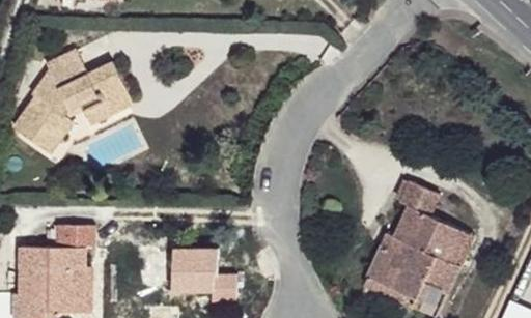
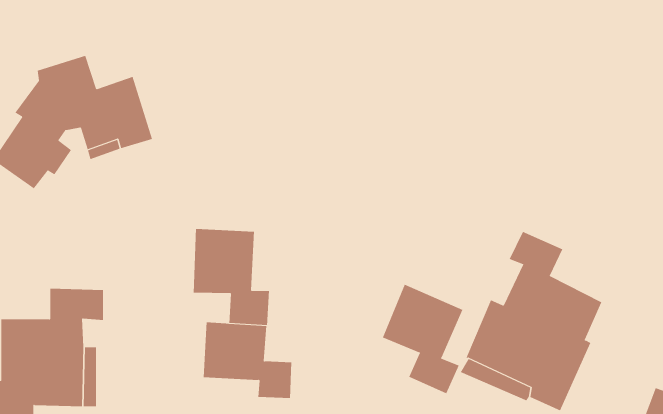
building: none -> [193,228,269,326]
building: none -> [382,284,463,394]

